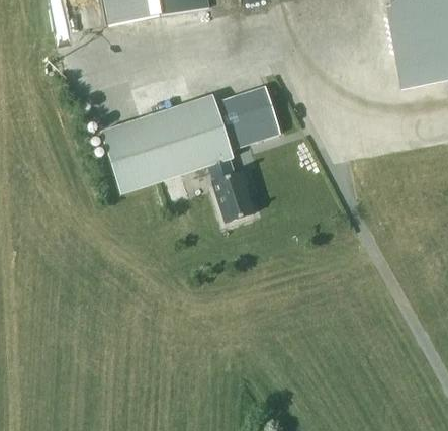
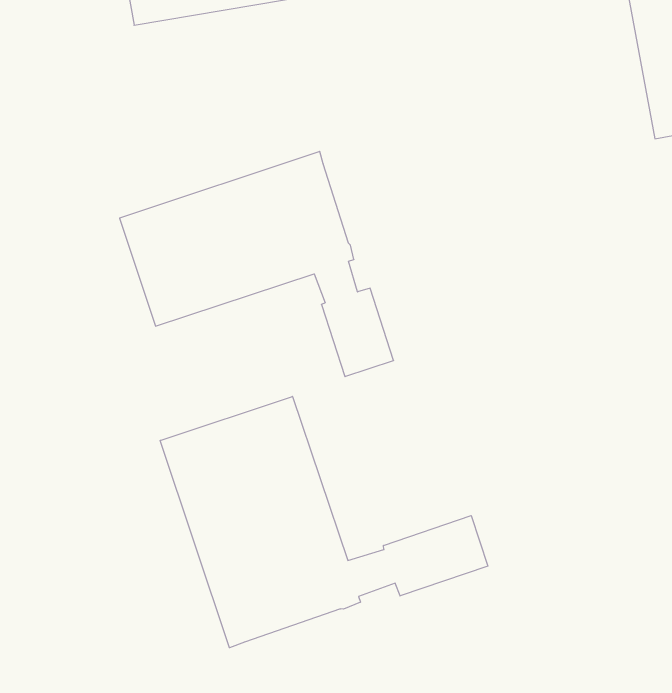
building: [214,86,279,148] -> none
building: none -> [160,396,488,648]

